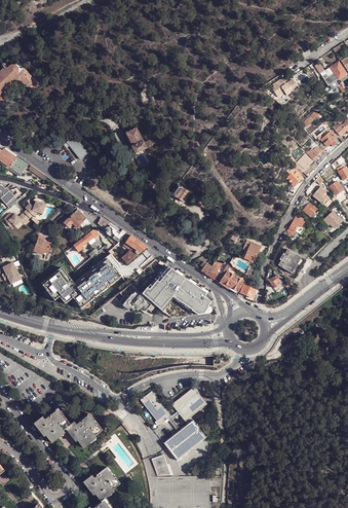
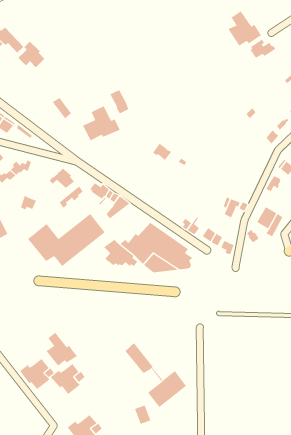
building: none -> [228,11,262,46]
building: none -> [18,41,45,68]
building: none -> [82,105,120,141]
building: none -> [46,332,78,367]
building: [171,387,206,421] -> none

